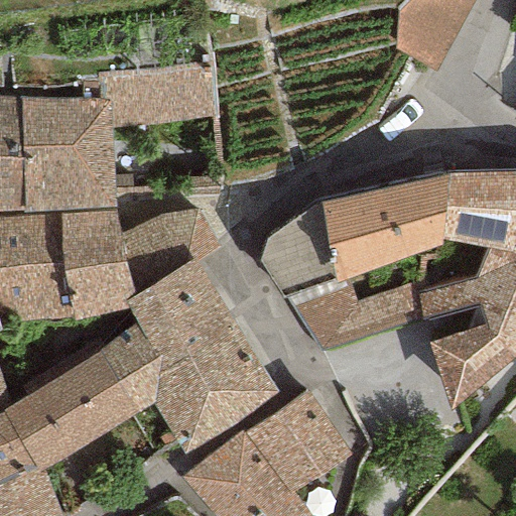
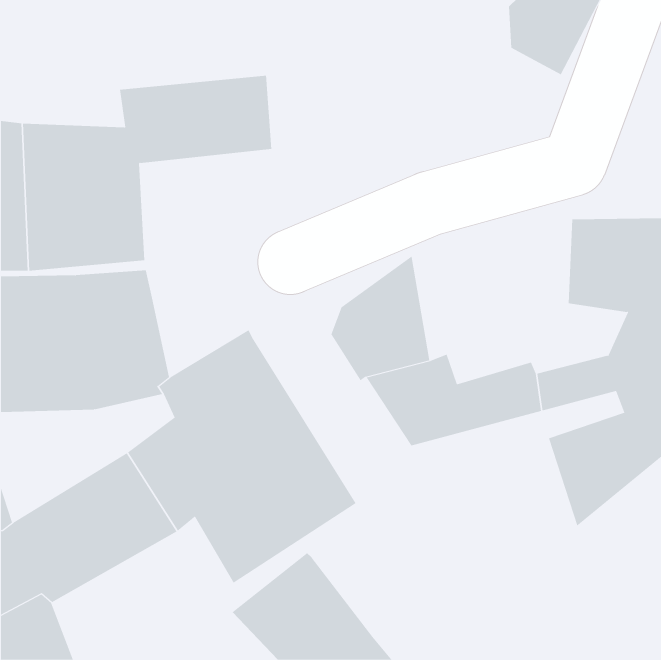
building: [321,170,445,280] -> none
building: [120,206,219,293] -> none
building: [244,388,349,495] -> none

